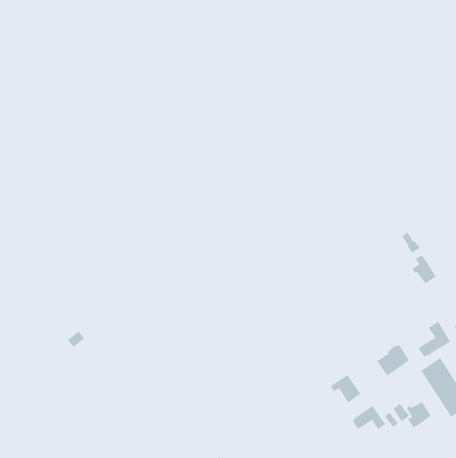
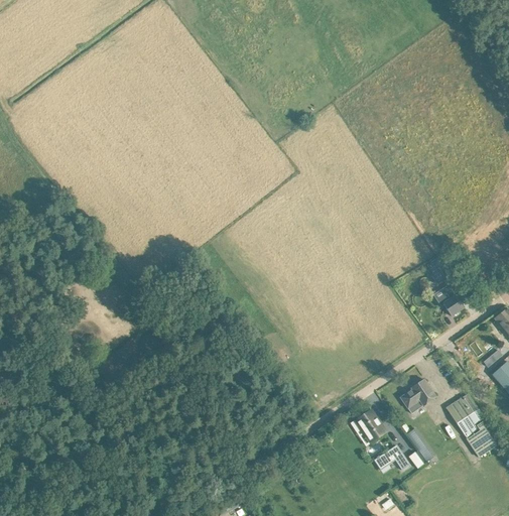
building: [418,321,451,358] -> none
building: [406,402,432,428] -> none

